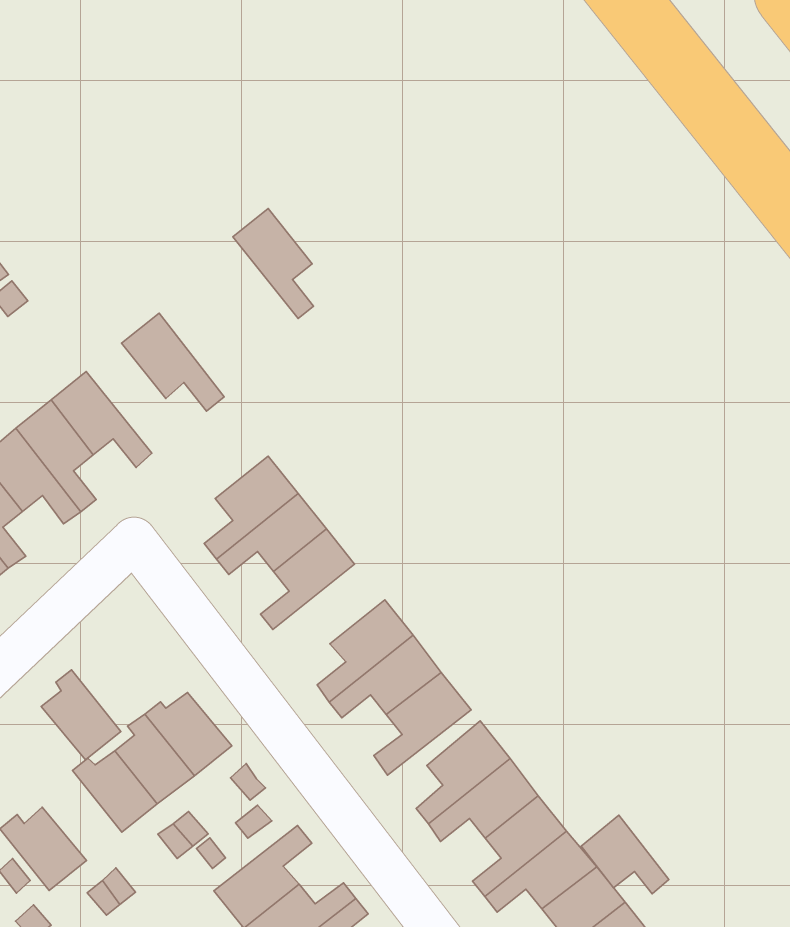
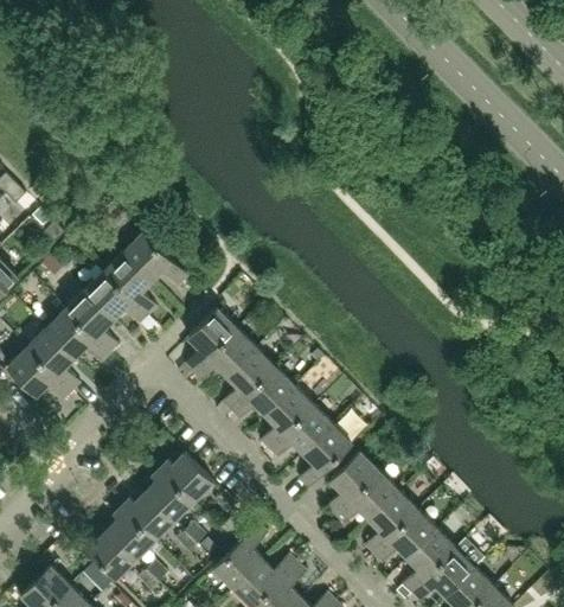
building: [233,209,314,318] -> [103,251,155,314]
building: none -> [230,366,294,418]
building: [41,670,121,760] -> [105,506,154,558]
building: [581,815,669,894] -> none

